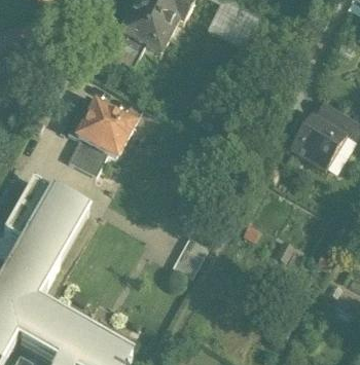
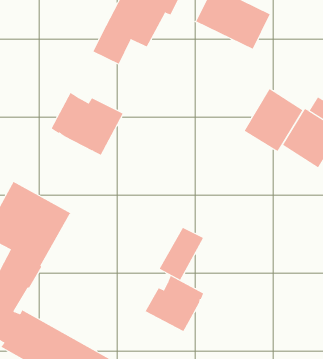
building: none -> [244,88,303,152]
building: [69,137,108,174] -> none
building: none -> [145,275,204,332]

